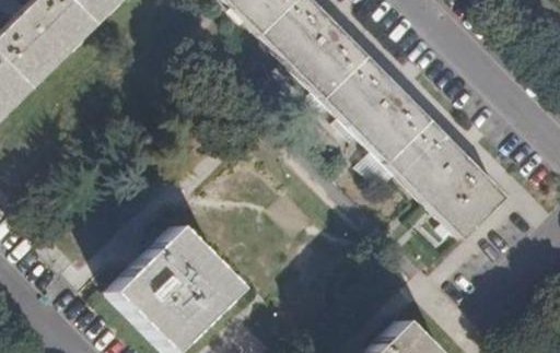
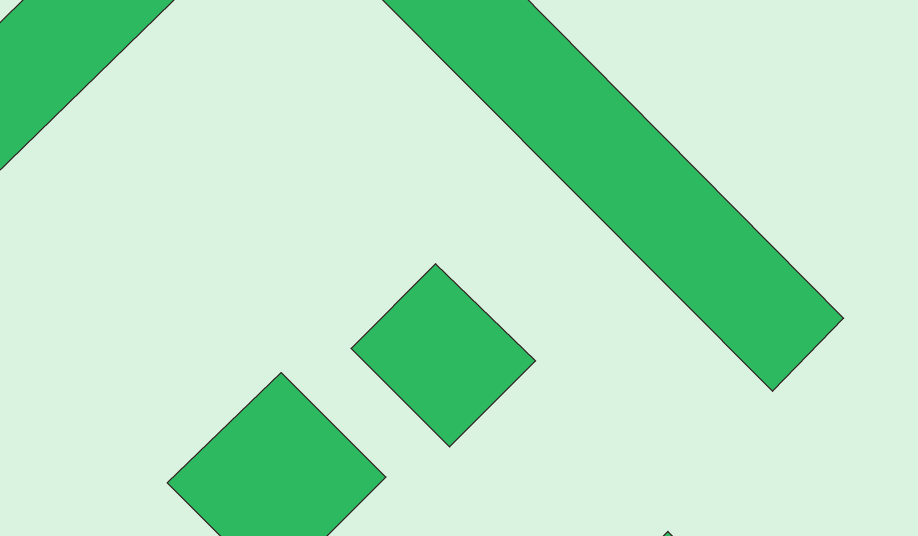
building: none -> [351,264,536,447]

